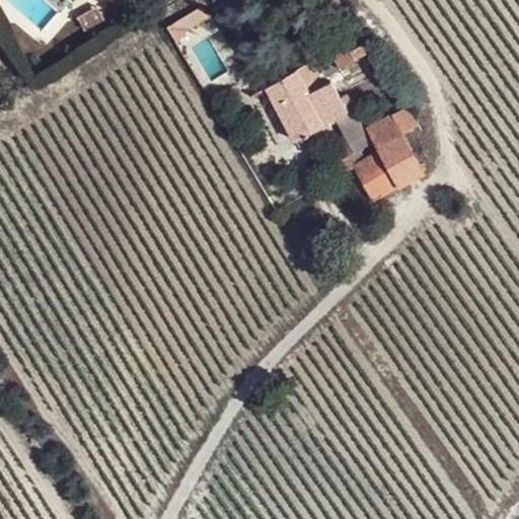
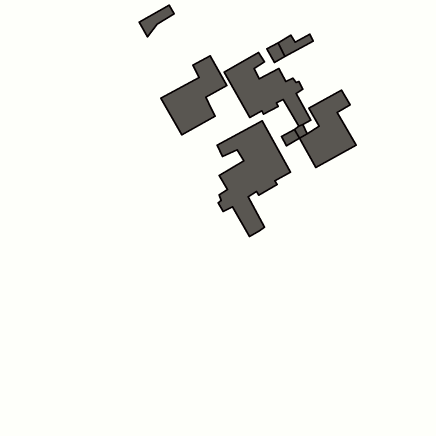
building: none -> [161,56,227,135]
building: none -> [217,121,291,236]

